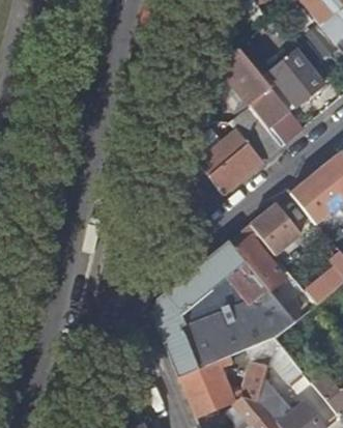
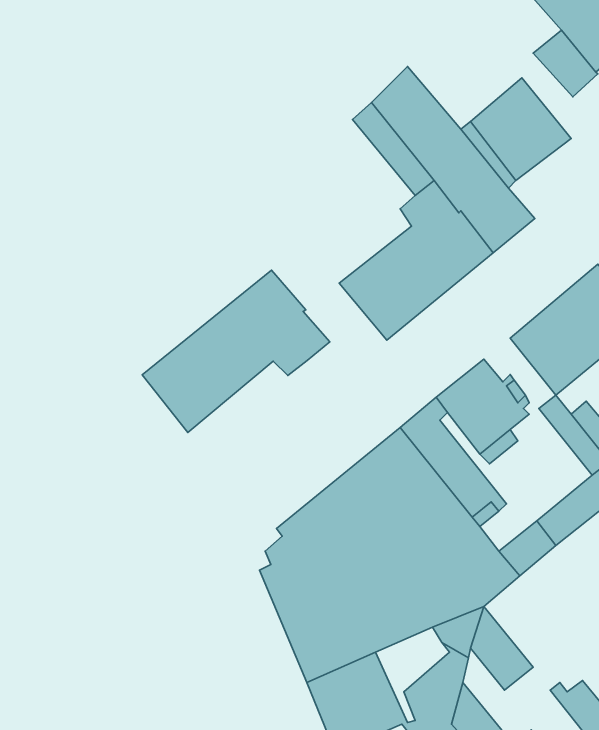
building: none -> [142,270,330,432]

